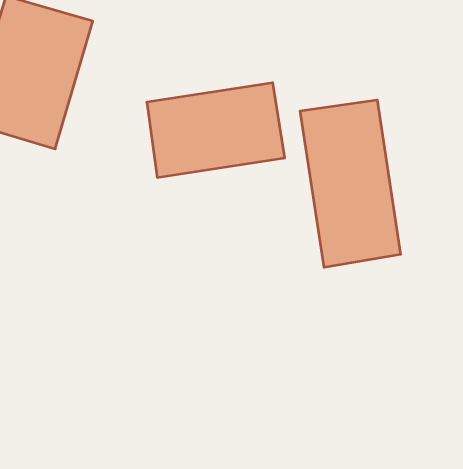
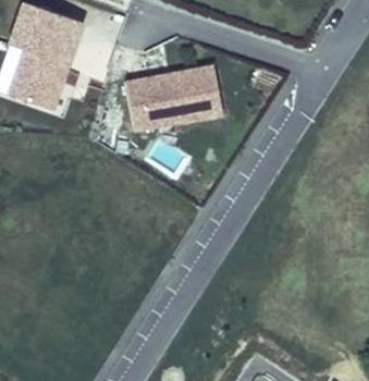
building: [300,100,401,267] -> none

